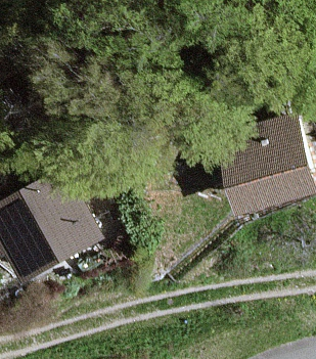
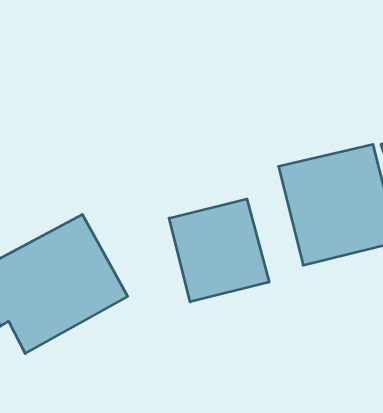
building: none -> [169,199,269,302]

